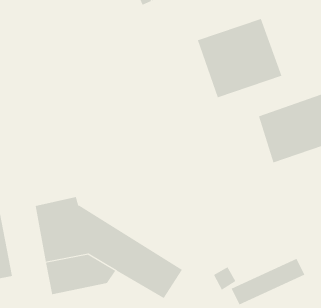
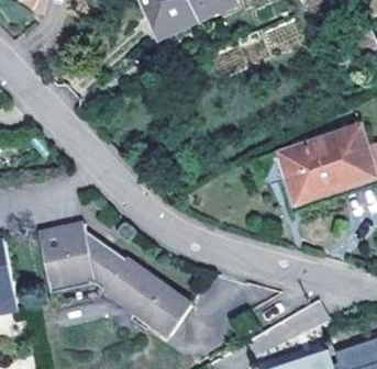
building: [197,18,282,98] -> none

